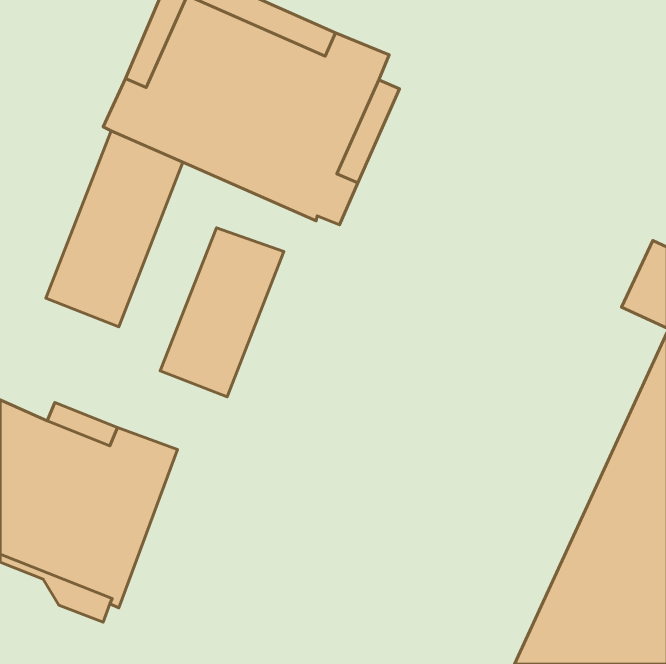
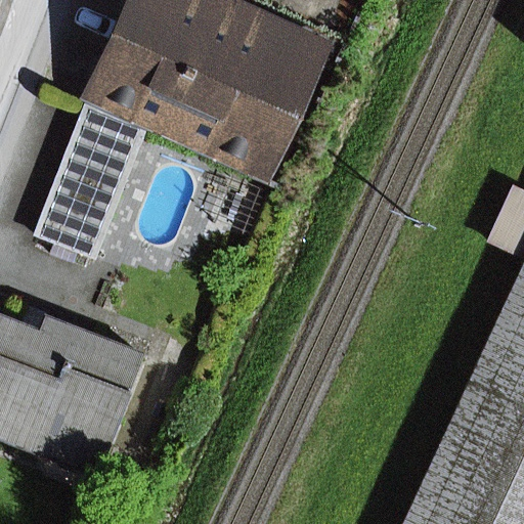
building: [160,228,284,397] -> none

